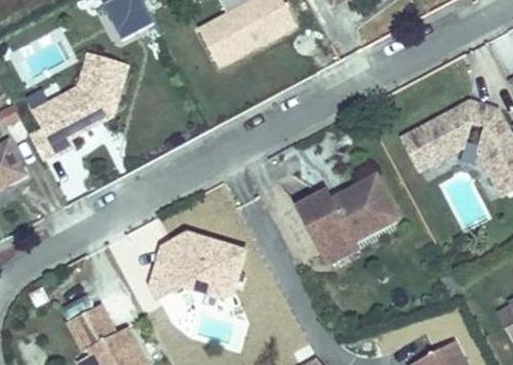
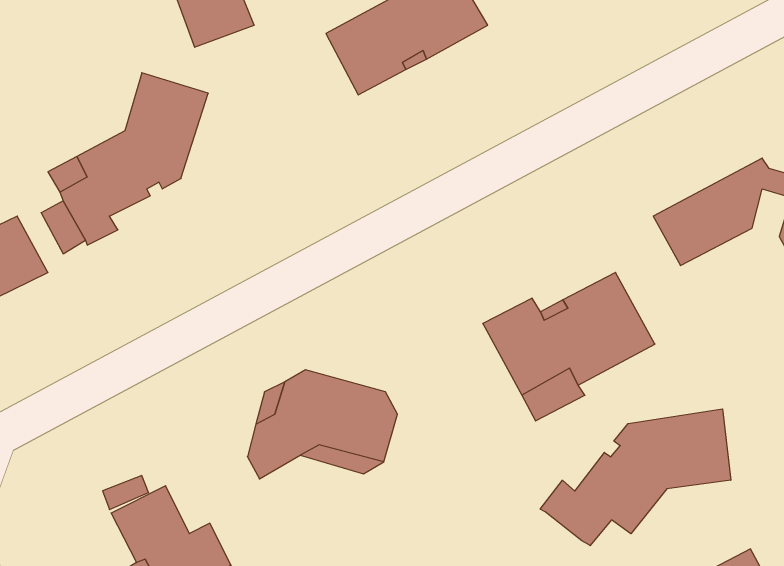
building: none -> [540,409,731,546]

